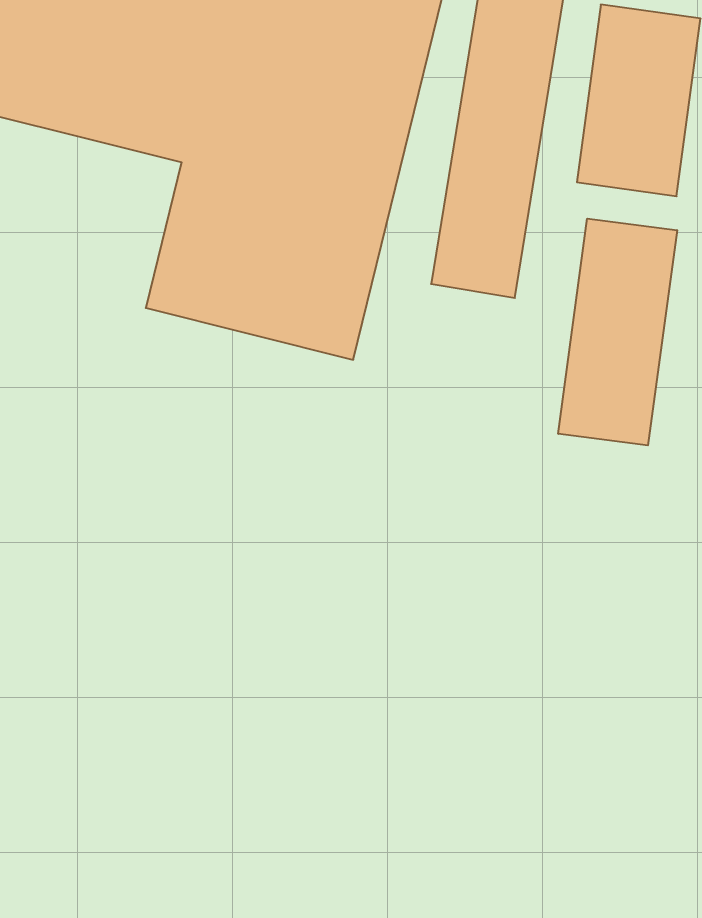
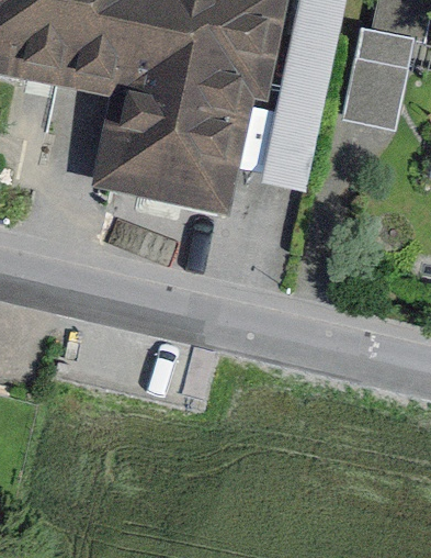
building: [558,219,677,445] -> none

